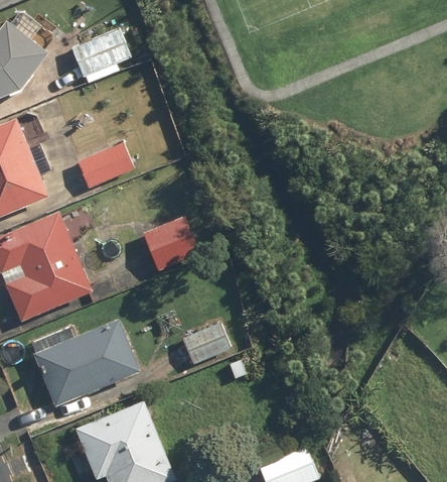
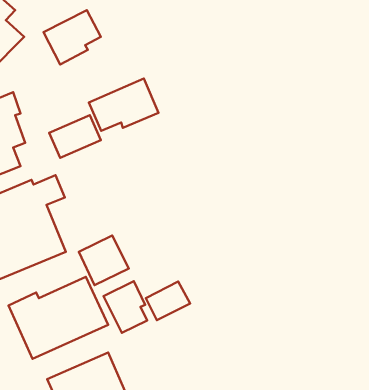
building: none -> [89,79,159,131]
building: [142,217,196,271] -> [79,235,129,285]
building: none -> [103,281,147,333]

